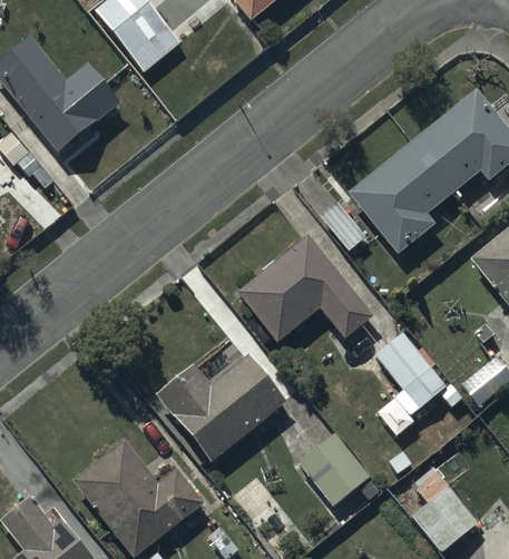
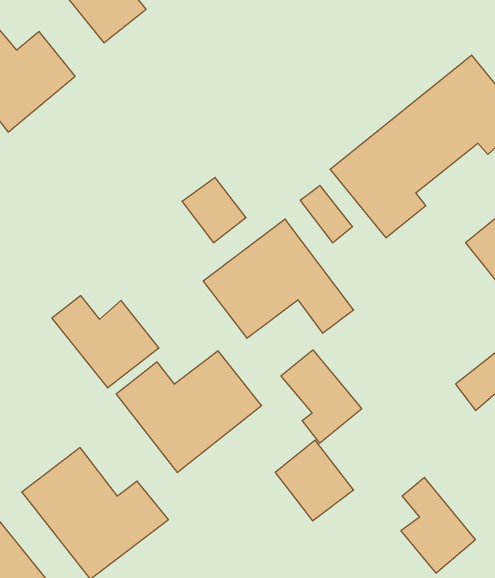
building: none -> [182,177,246,243]
building: none -> [52,296,159,388]
building: [375,332,448,415] -> [281,350,362,443]

